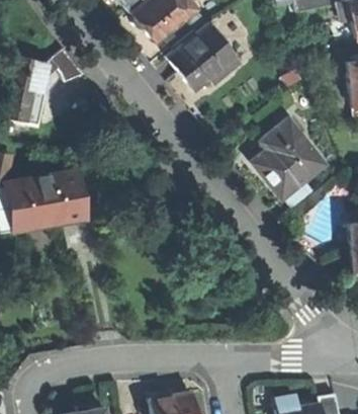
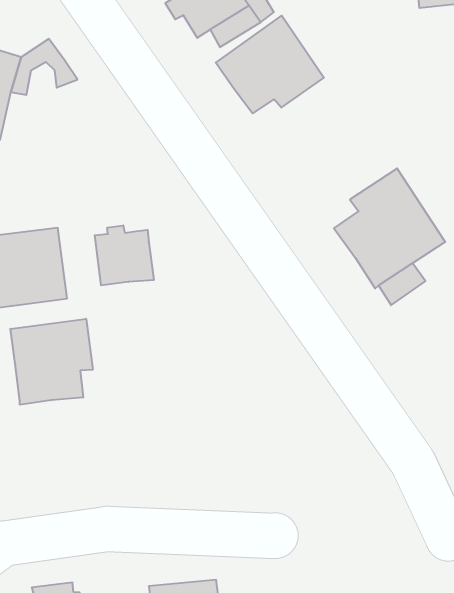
building: none -> [95,225,154,285]
building: none -> [10,319,93,405]

